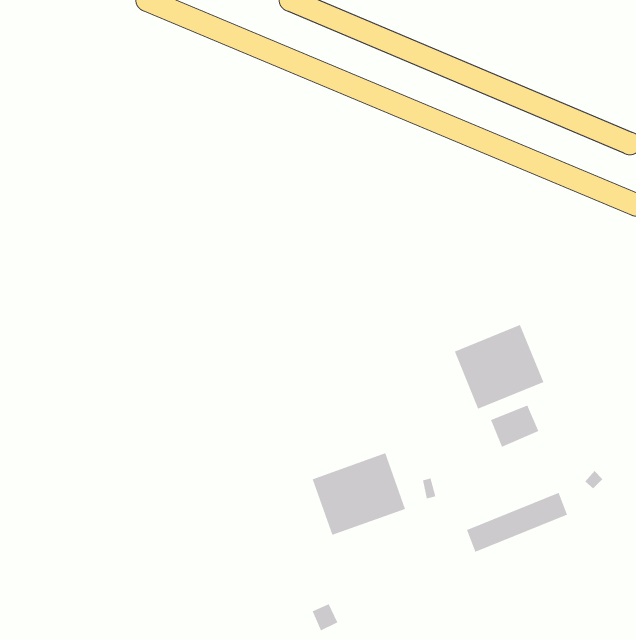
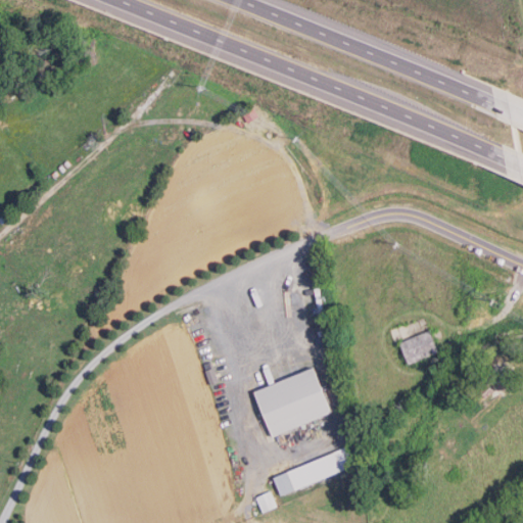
building: [454,324,544,410] -> none
building: [466,492,568,553] -> [272,447,354,496]

